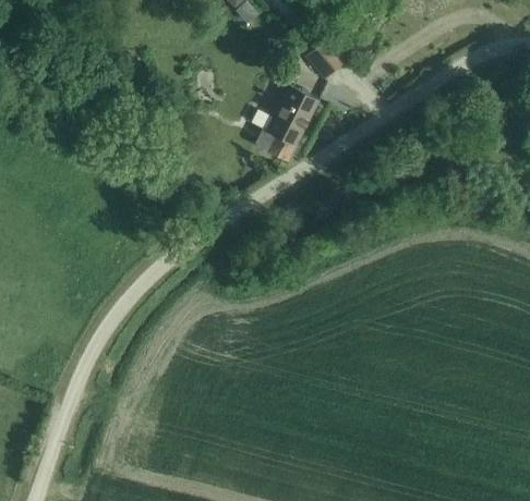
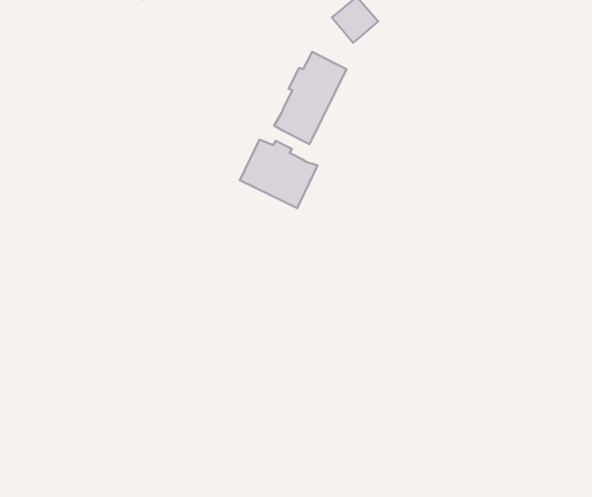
building: none -> [240,139,317,208]

